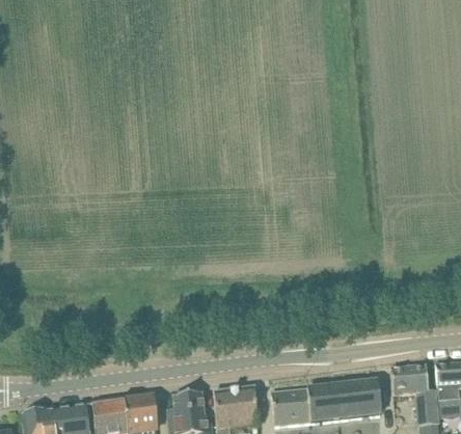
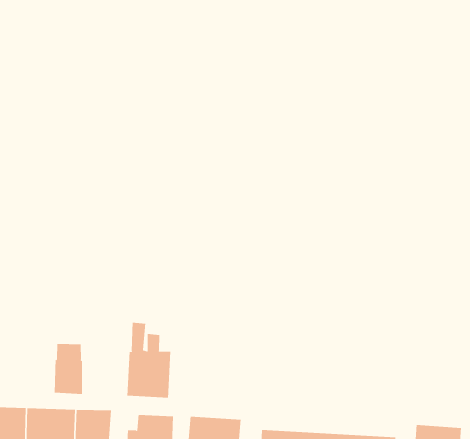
building: none -> [127,322,171,398]
building: none -> [54,343,82,395]

